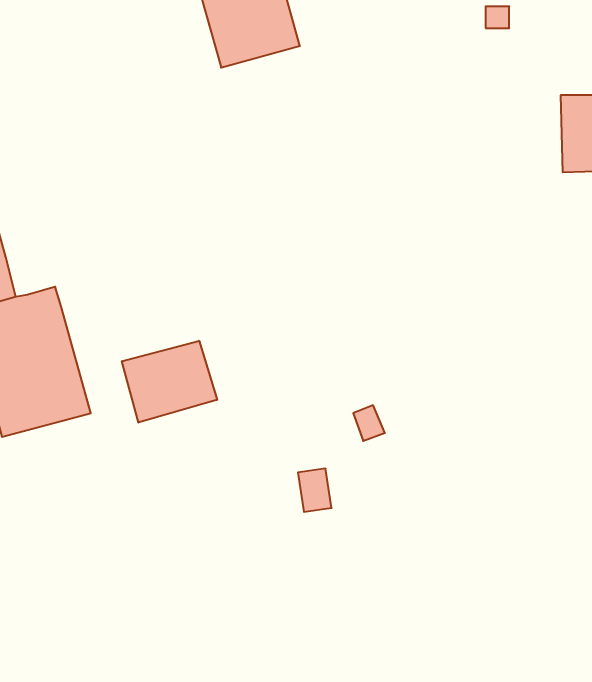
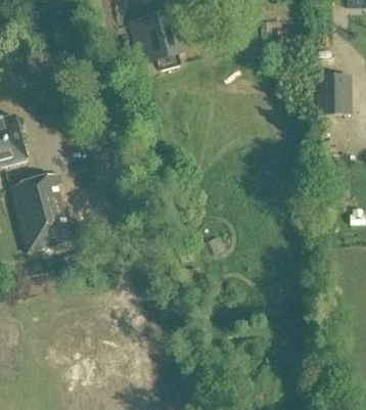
building: [122,341,217,423] -> none

